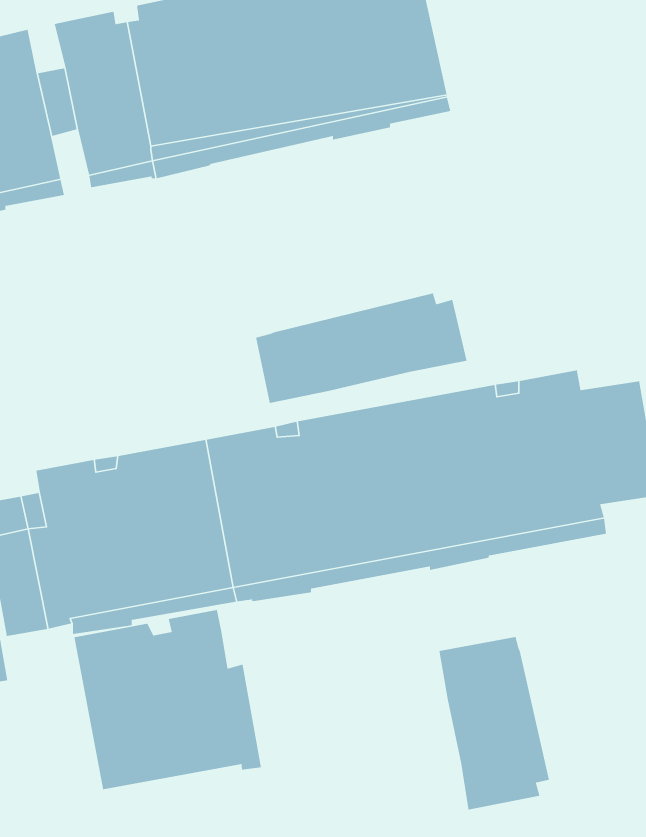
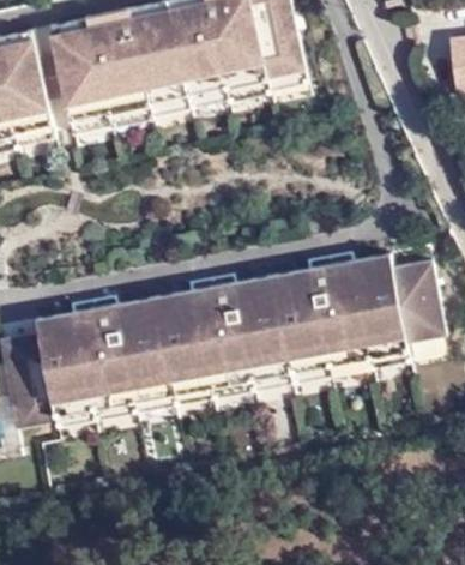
building: [255,292,467,404] -> none
building: [73,609,262,790] -> none
building: [439,636,550,810] -> none

